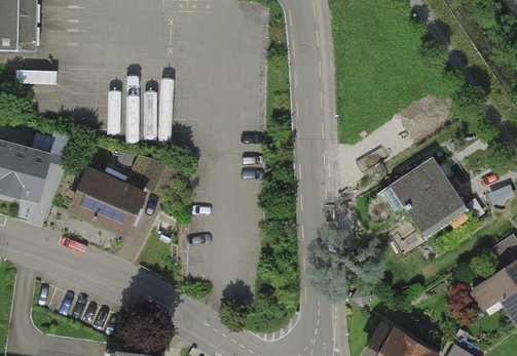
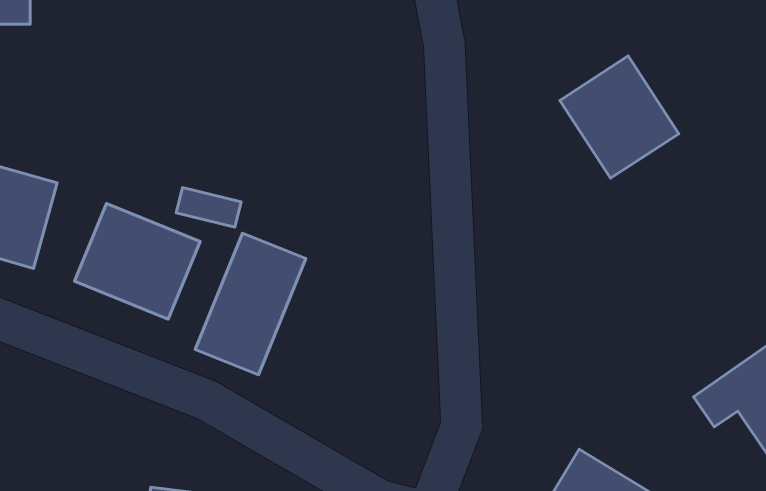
building: [387,156,465,235] -> [560,56,679,178]
building: none -> [195,233,306,375]

